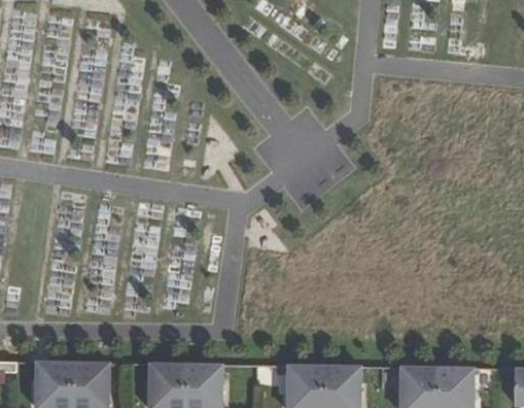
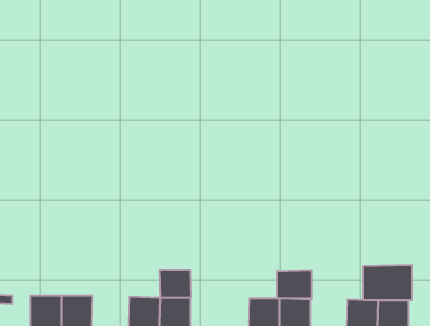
building: none -> [363,265,412,300]
building: none -> [160,270,191,298]
building: none -> [277,270,312,299]

